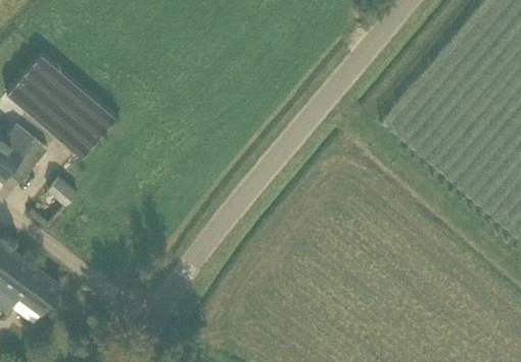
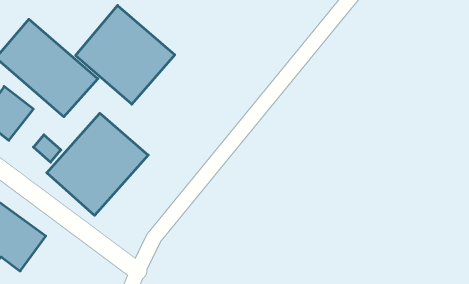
building: none -> [76,5,175,104]
building: none -> [47,113,148,215]

